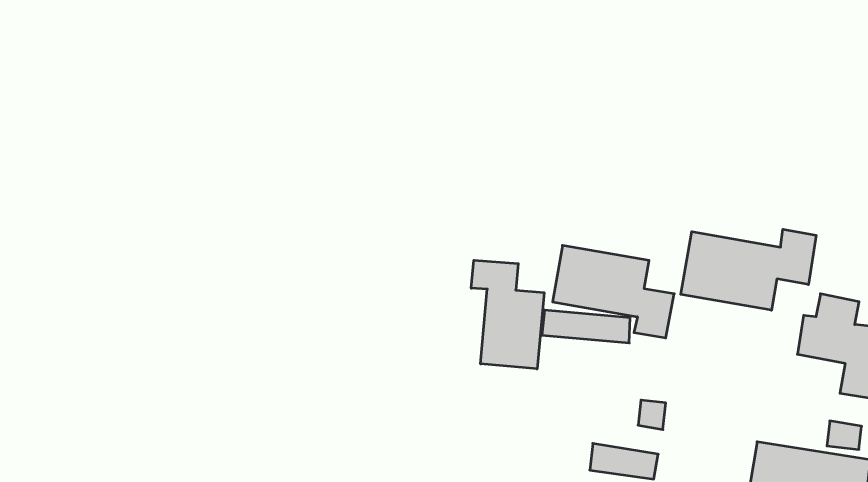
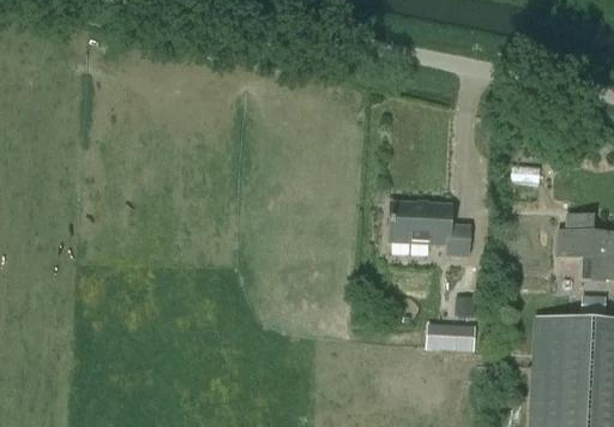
building: [681,229,816,310] -> none
building: [471,260,544,369] -> none

